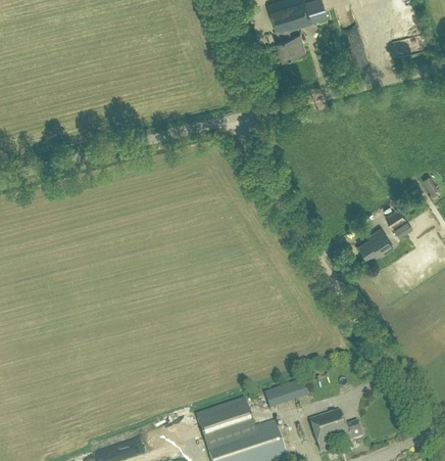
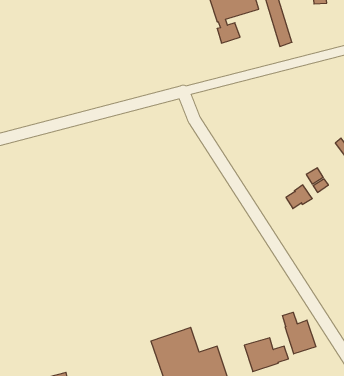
building: none -> [282,312,316,354]
building: [264,381,308,411] -> none

